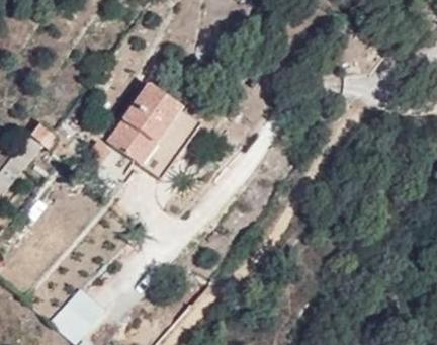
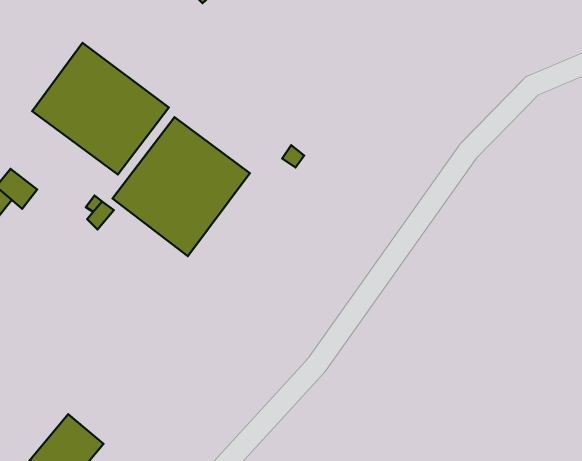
building: none -> [32,43,169,175]

